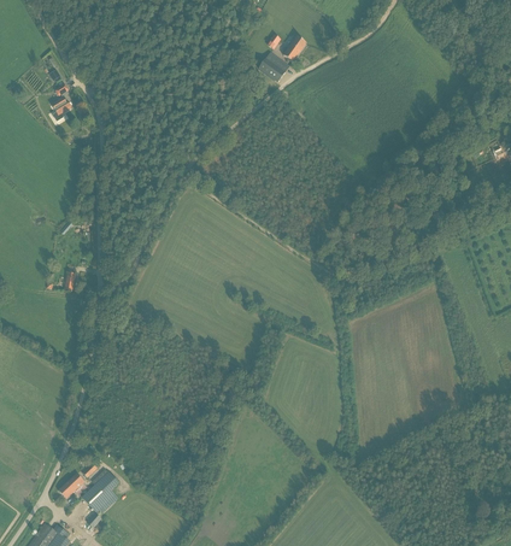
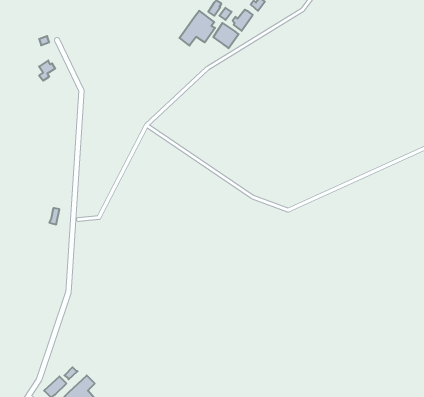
building: none -> [179,11,215,46]

